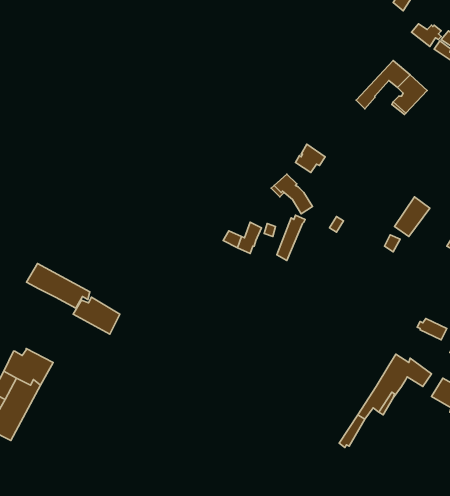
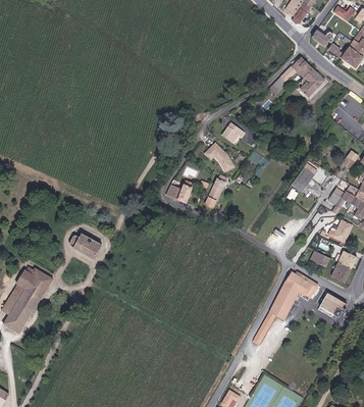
building: [27,264,90,308] -> none

